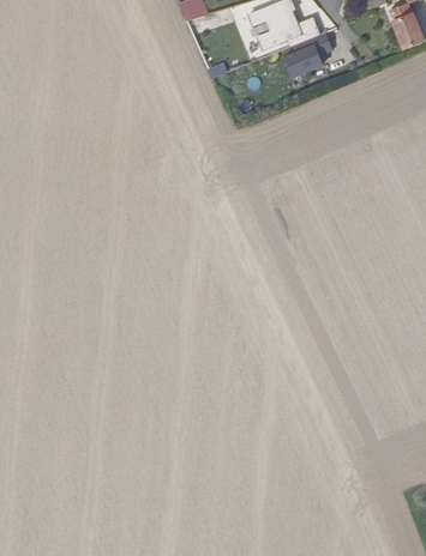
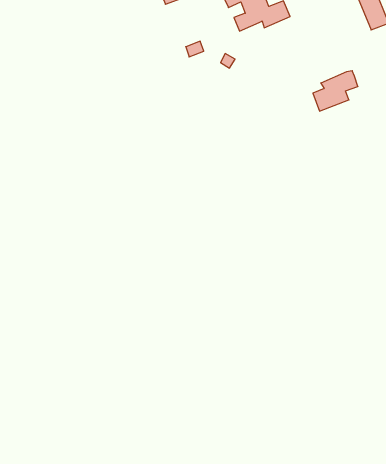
building: [283,32,331,75] -> [313,71,358,111]

